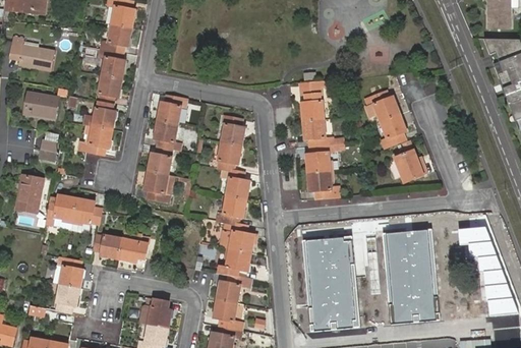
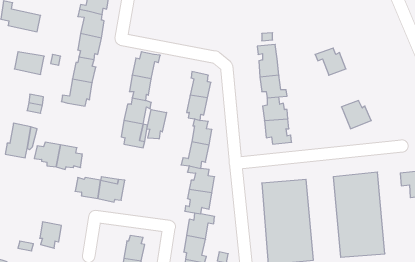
building: [378,112,403,144] -> none
building: none -> [147,110,167,139]
building: [56,257,81,288] -> none

